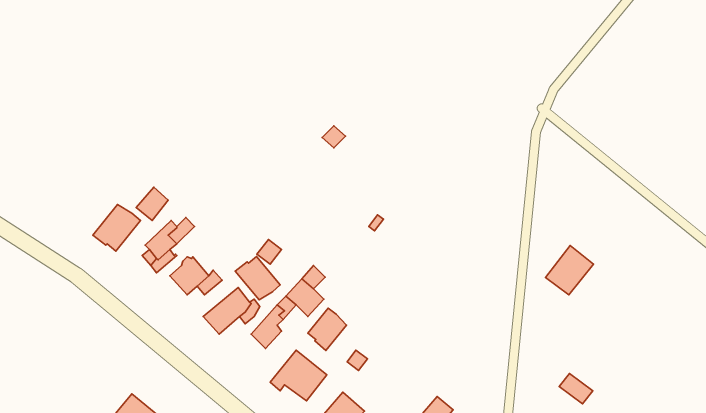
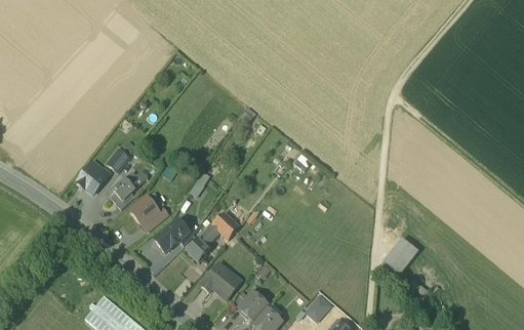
building: [546,245,594,295] -> [385,238,418,273]
building: [235,256,280,300] -> none
building: [308,308,346,350] -> none

